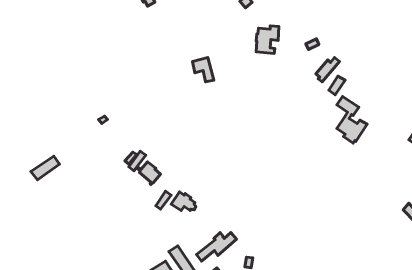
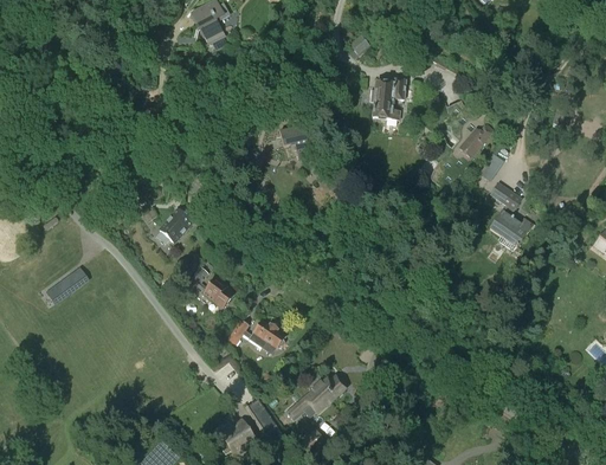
building: none -> [157,208,193,243]

